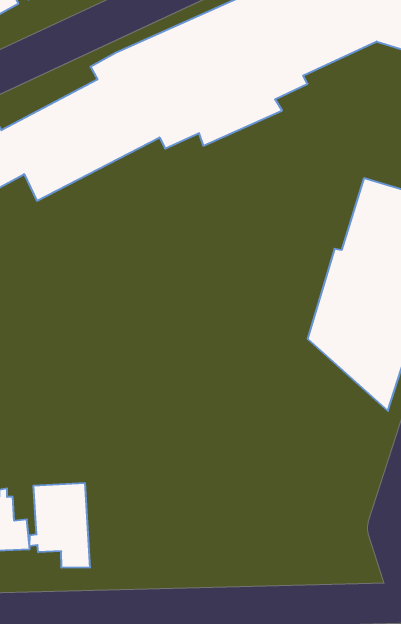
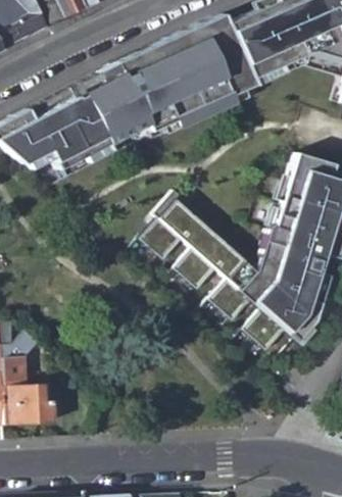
building: none -> [141,191,313,351]
building: [30,483,90,568] -> none

